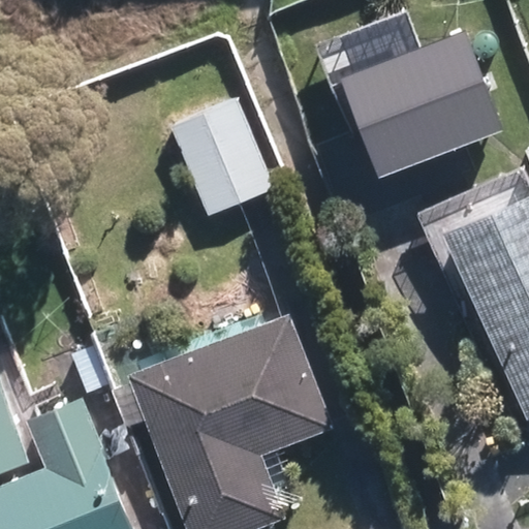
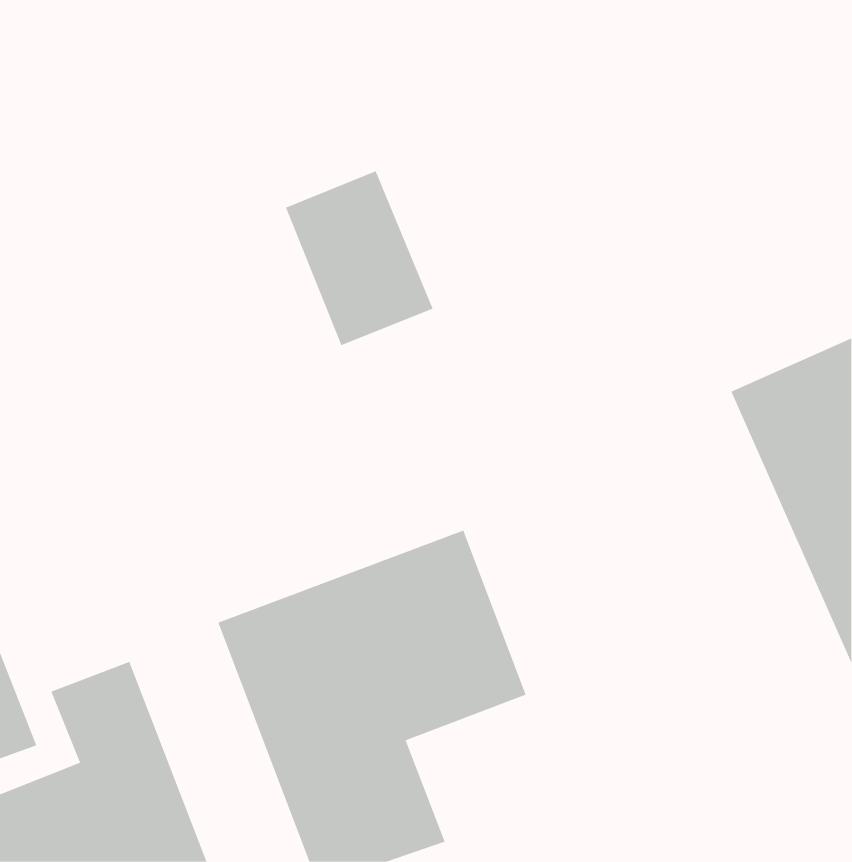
building: [342,12,501,156] -> none

